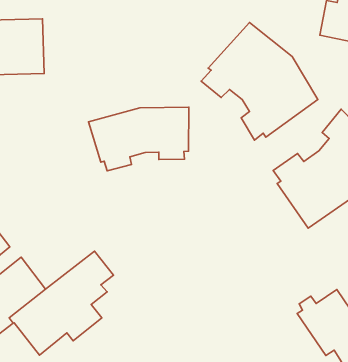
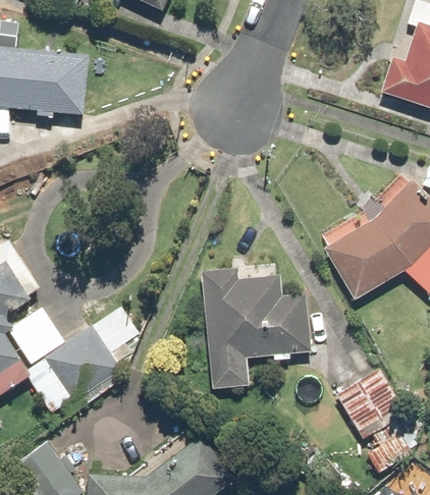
building: [201,23,318,140] -> none
building: [89,107,189,171] -> none
building: none -> [204,269,312,387]

